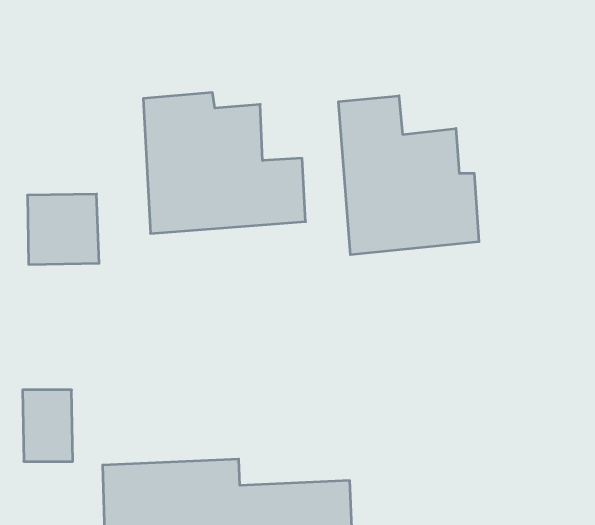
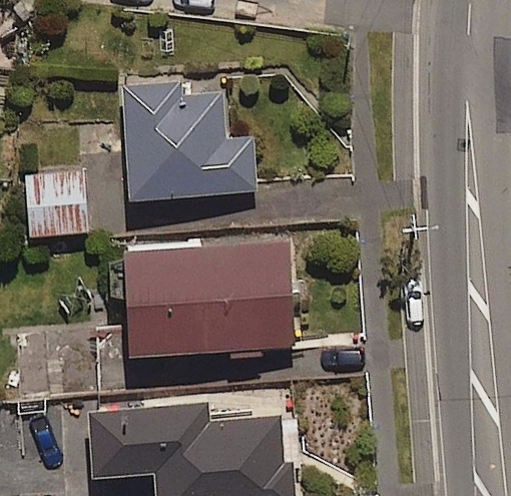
building: [339,96,479,255] -> none
building: none -> [124,242,292,348]

